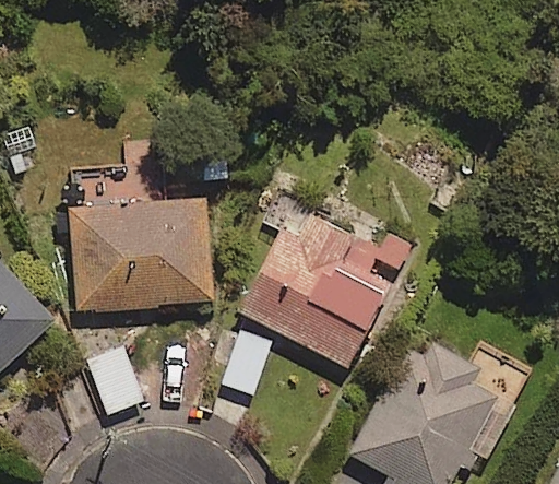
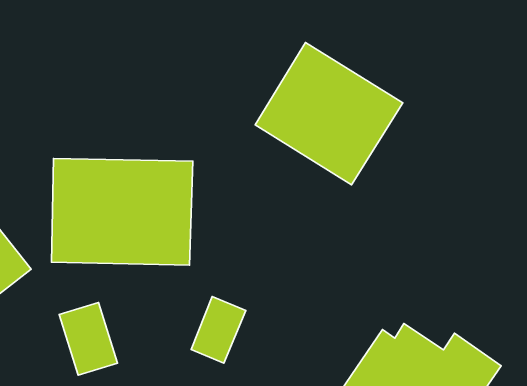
building: none -> [255,42,403,185]
building: [238,197,408,368] -> none

